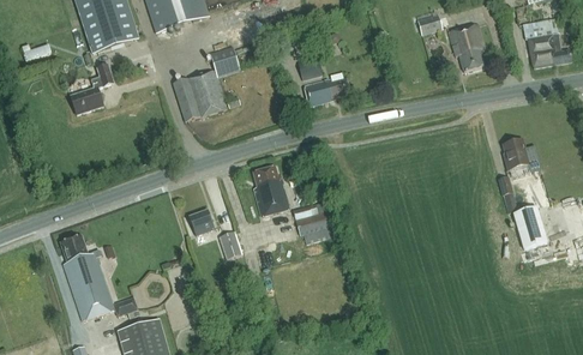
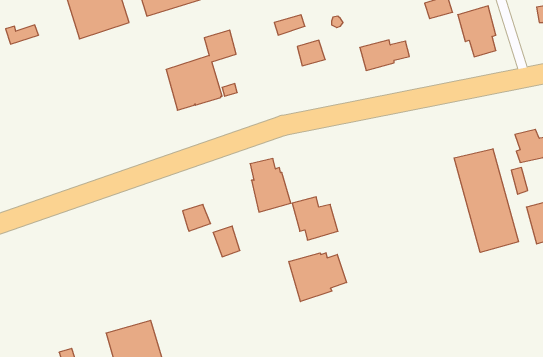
building: [70,64,113,114] -> none
building: [302,77,349,106] -> [360,40,409,70]
building: none -> [454,149,518,252]
building: [61,236,137,320] -> none
building: none -> [289,253,347,302]

